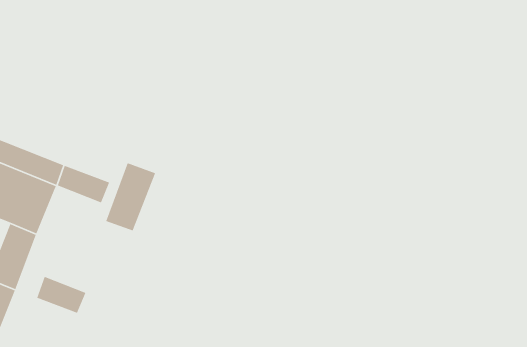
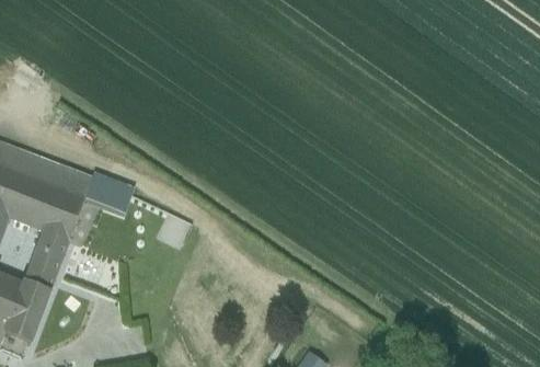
building: [105,162,156,232] -> none
building: [36,276,86,314] -> none

